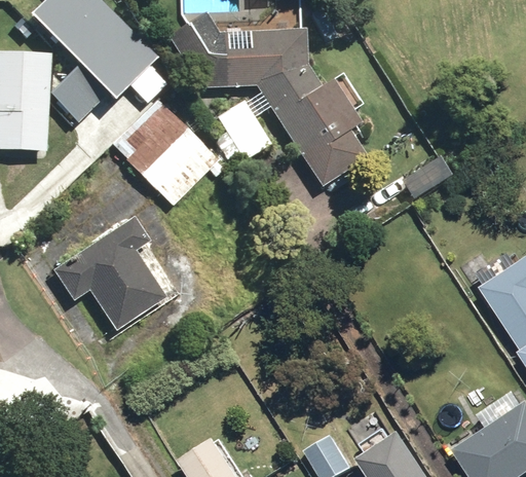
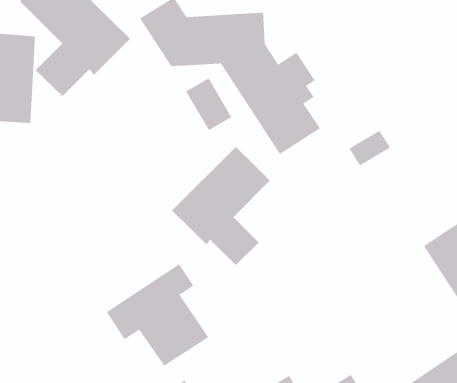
building: [112,98,219,205] -> none
building: none -> [171,146,271,266]
building: [52,215,167,330] -> [106,263,209,367]

